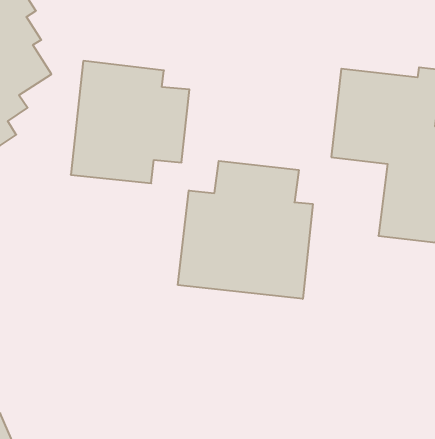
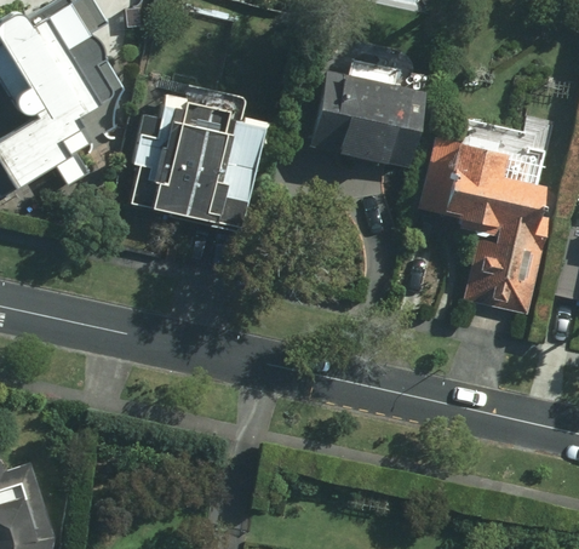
building: none -> [308,55,429,171]
building: [178,161,313,299] -> none

